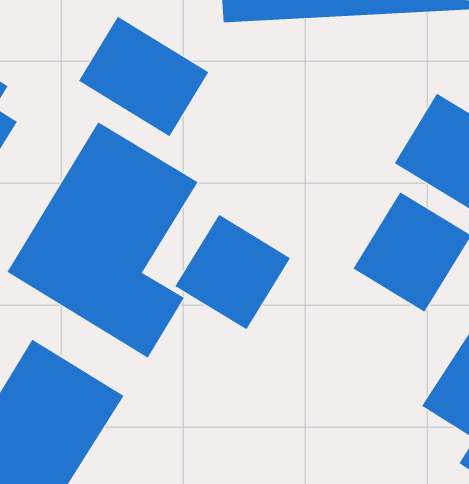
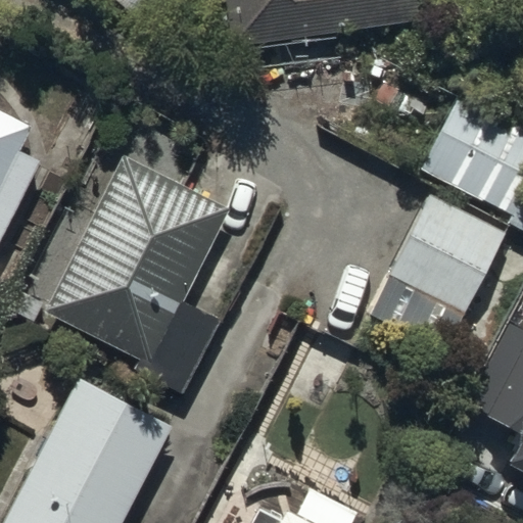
building: [78,16,209,137] -> none
building: [175,214,291,330] -> none

